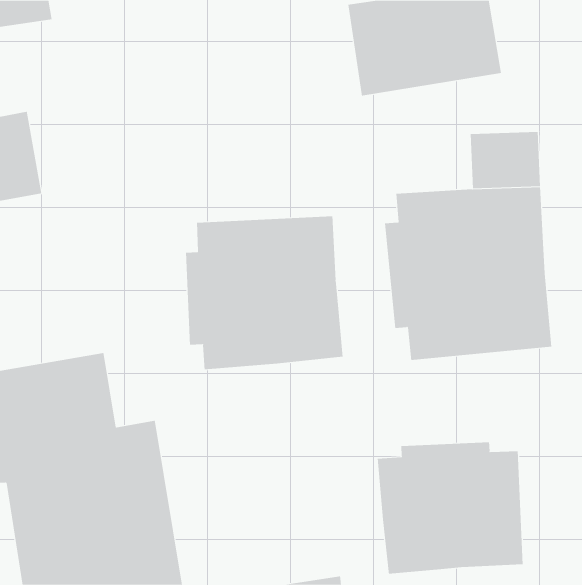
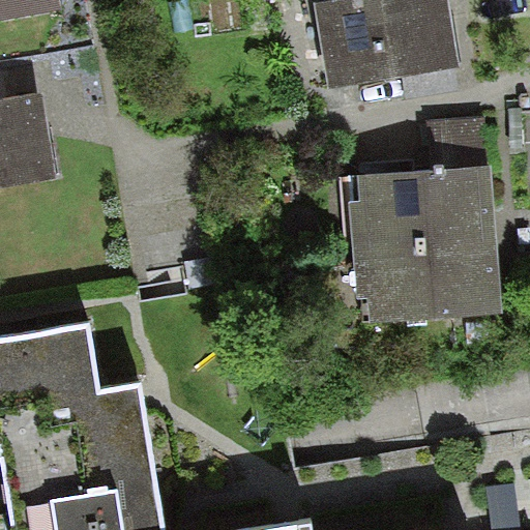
building: [185,216,343,370] -> none
building: [377,441,523,574] -> none

